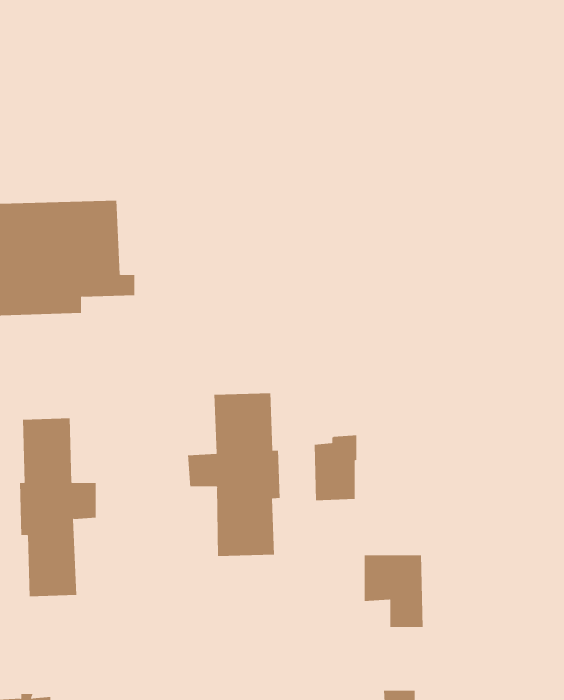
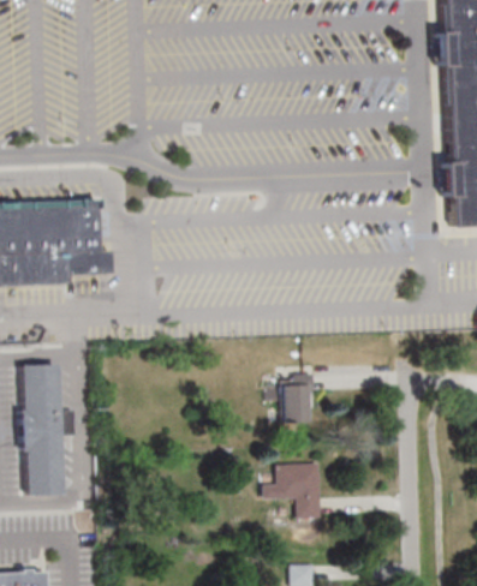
building: [188,392,280,557] -> none
building: [314,435,357,501] -> [281,372,314,421]

